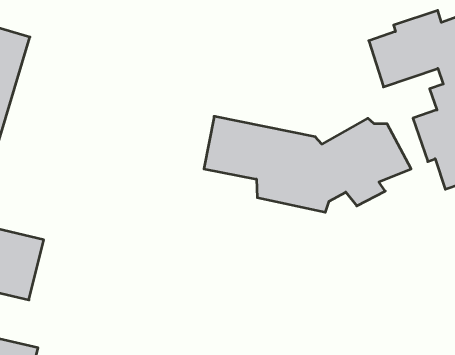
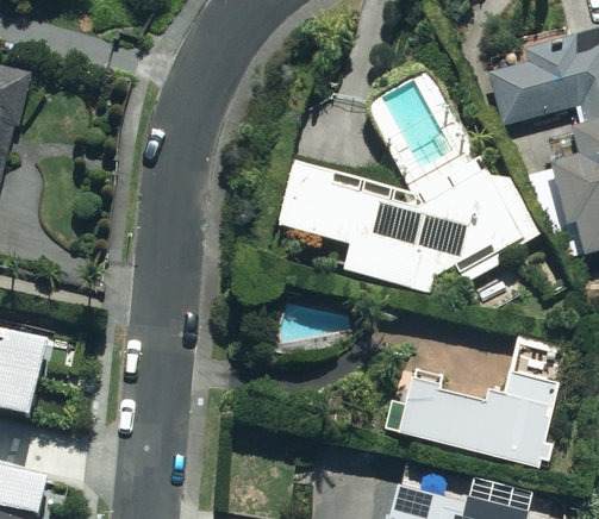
building: none -> [391,373,555,464]

